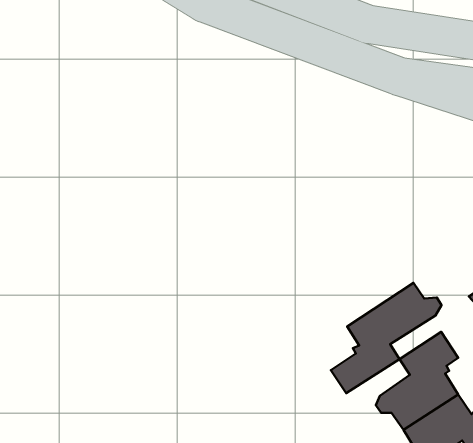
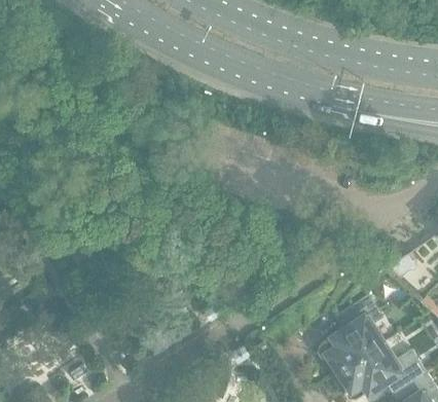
building: [331,283,442,393] -> none

